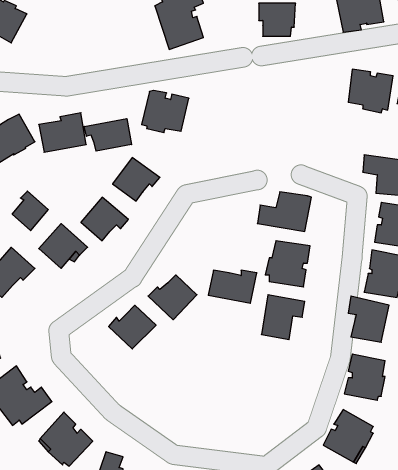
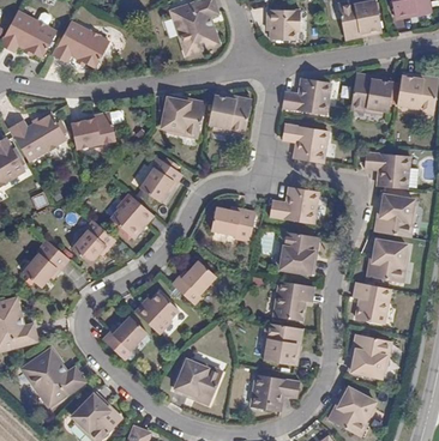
building: none -> [53,19,108,65]
building: none -> [282,79,331,116]
building: none -> [209,92,253,133]
building: [84,119,132,151] -> none
building: none -> [282,123,329,164]
building: [12,191,48,231] -> none
building: [208,270,257,303] -> [209,210,253,240]
building: none -> [110,316,154,356]
building: none -> [260,322,300,366]
building: none -> [173,358,218,401]
building: none -> [248,370,296,407]

